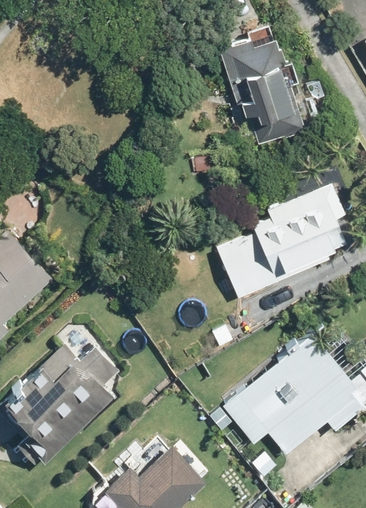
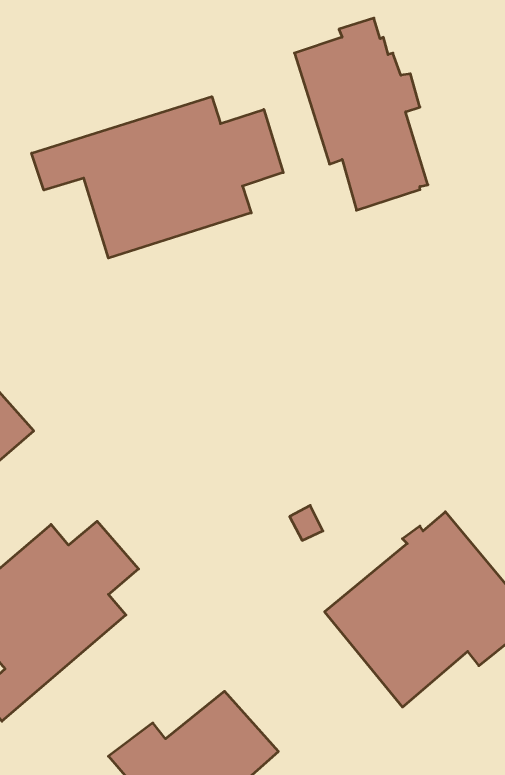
building: none -> [32,97,283,258]
building: [215,183,344,299] -> none

